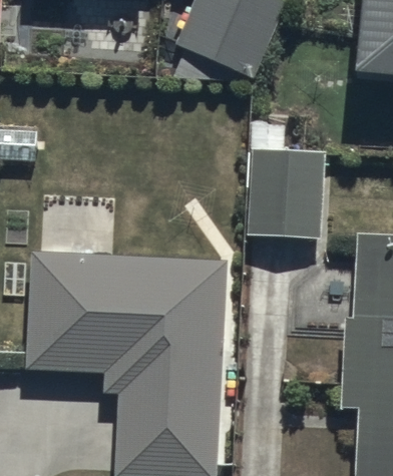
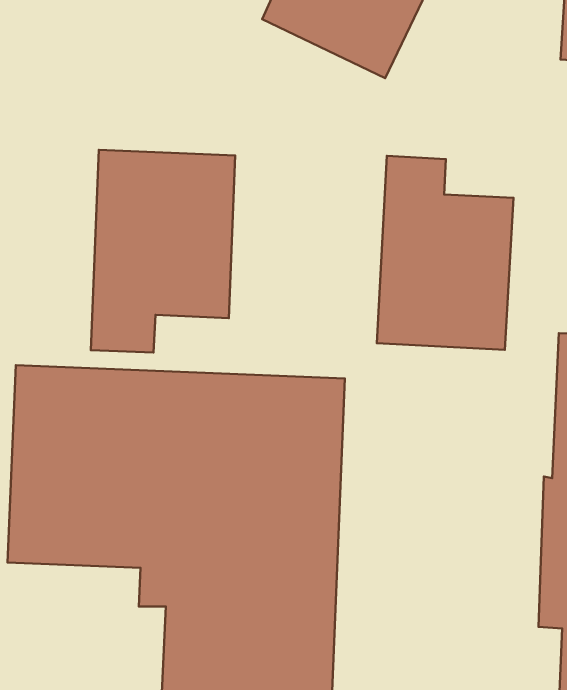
building: none -> [91,150,235,353]

